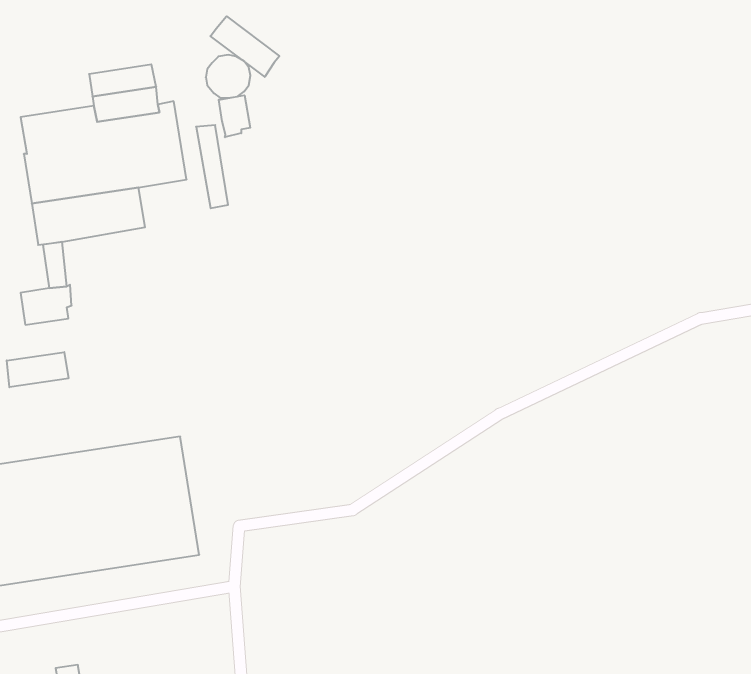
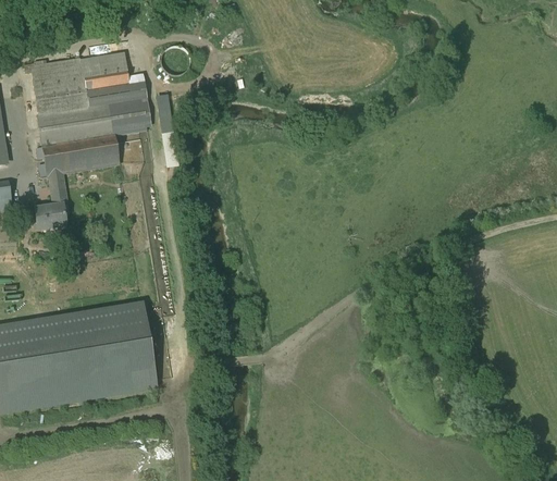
building: [210,16,279,77] -> none
building: none -> [30,58,84,87]
building: [219,95,250,137] -> none
building: [7,352,68,387] -> none

